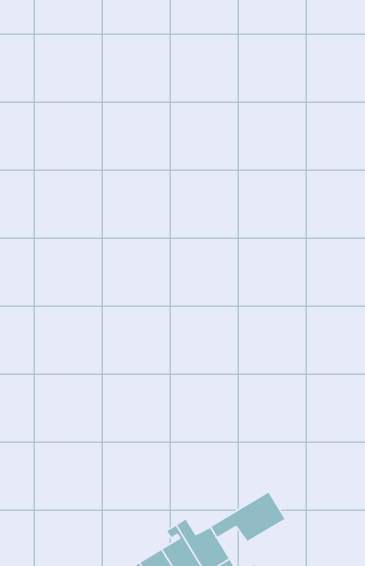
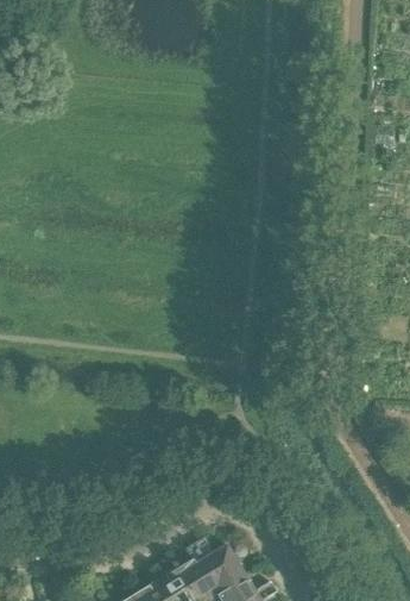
building: [210,491,286,542] -> none

